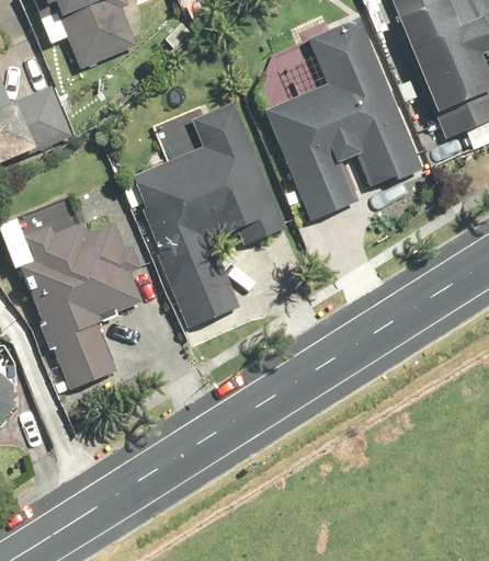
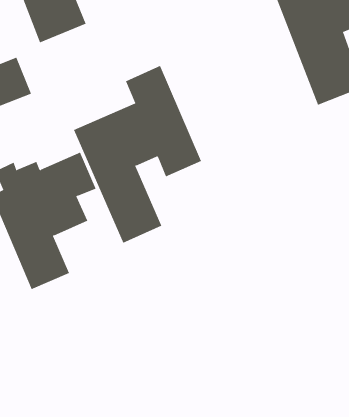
building: [262,18,425,218] -> none

